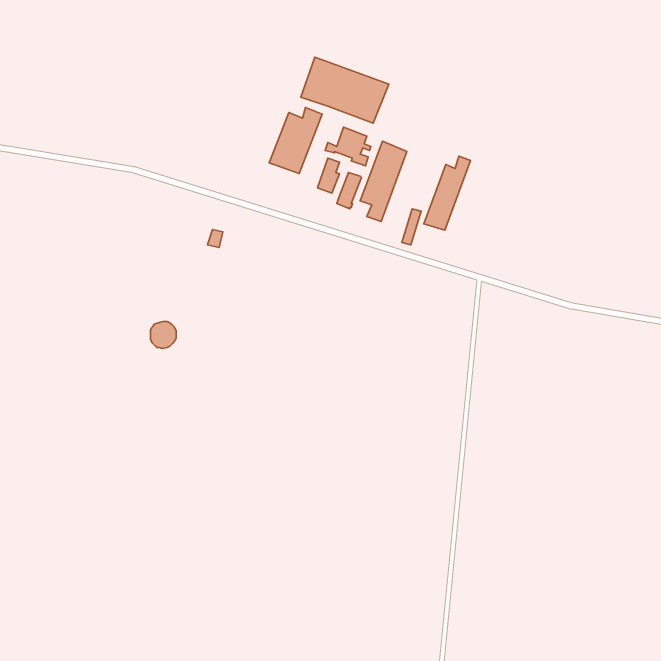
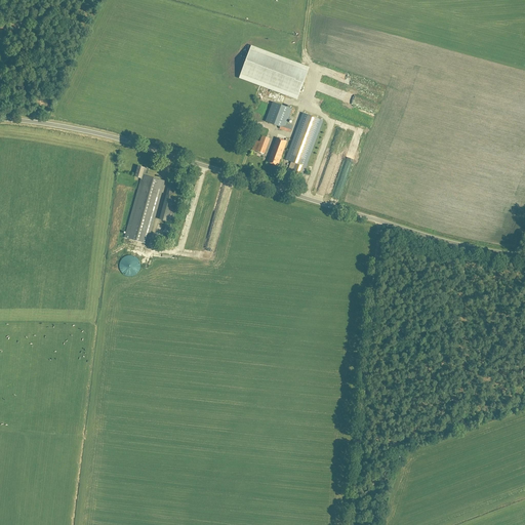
building: [269,108,322,173] -> none
building: [424,156,471,230] -> none
building: none -> [124,165,164,243]

